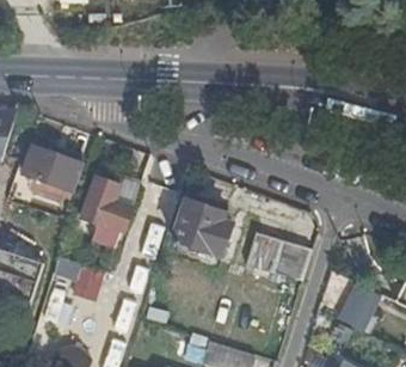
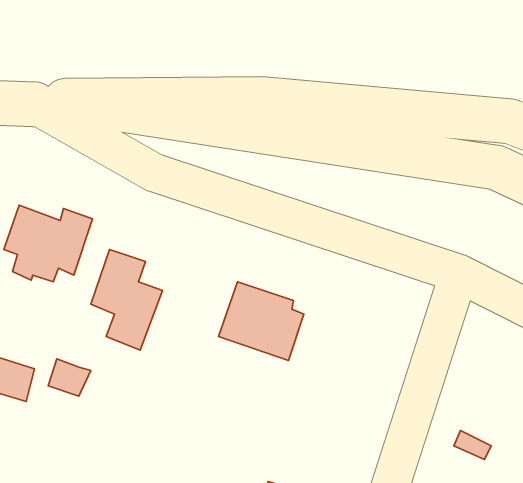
building: [244,230,310,280] -> none

